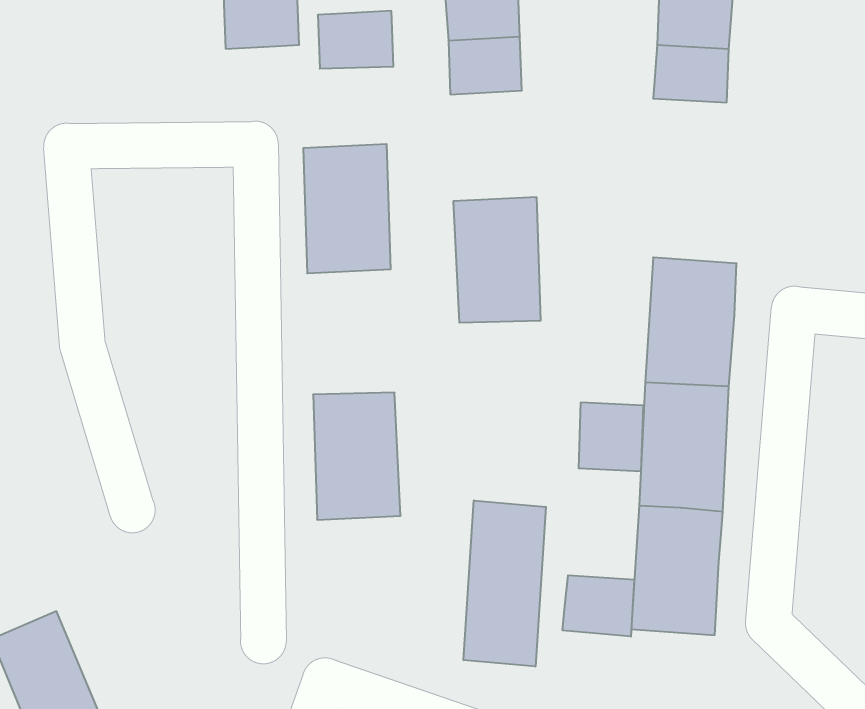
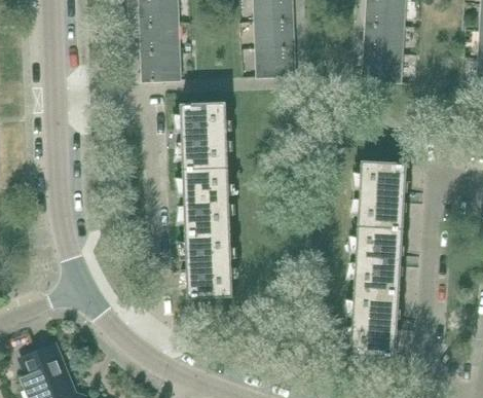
building: [318,11,393,69] -> [141,52,180,82]
building: [453,197,541,323] -> [183,169,228,233]
building: [579,402,643,471] -> none
building: [464,500,546,667] -> none
building: [563,575,634,637] -> none

